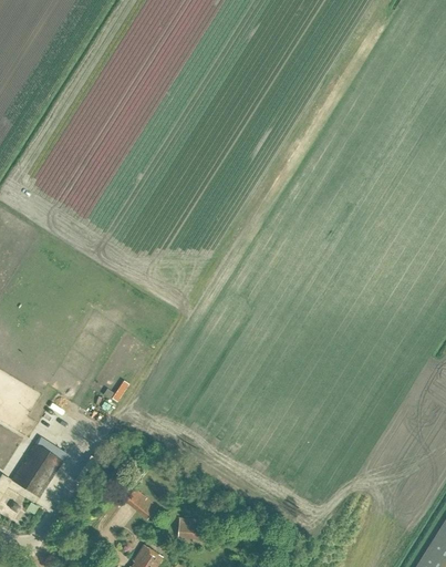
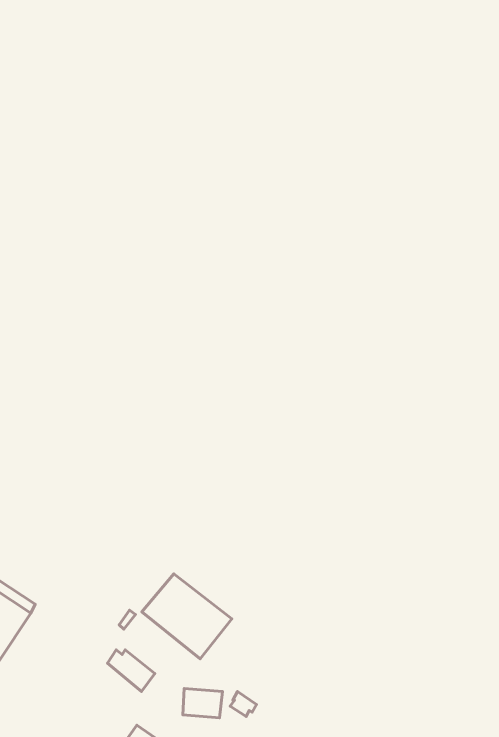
building: none -> [142,574,232,659]

